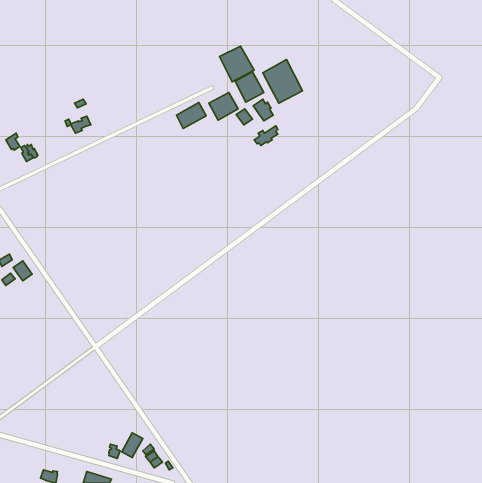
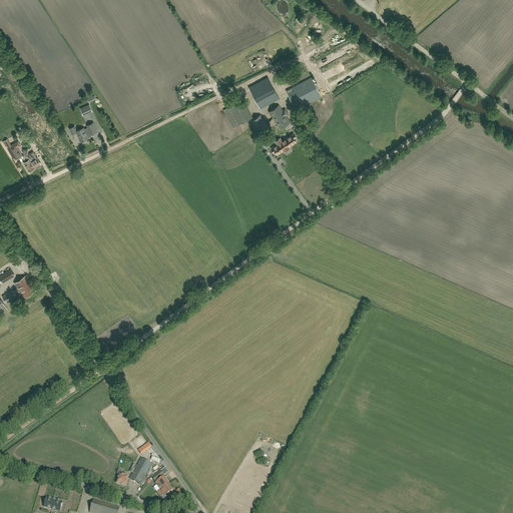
building: [219,46,254,82] -> none
building: [177,103,206,128] -> none

